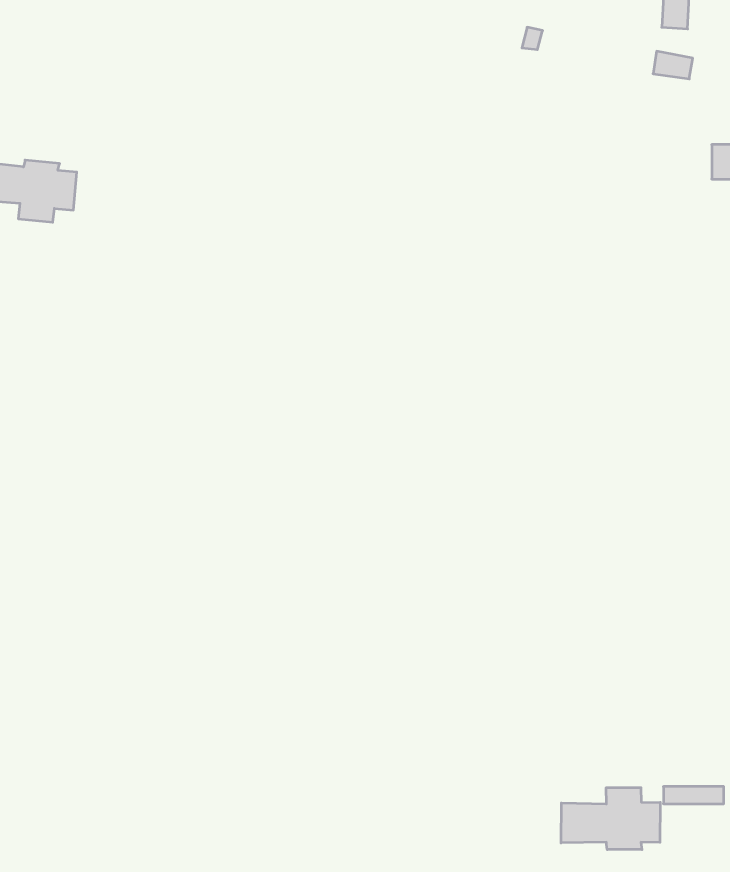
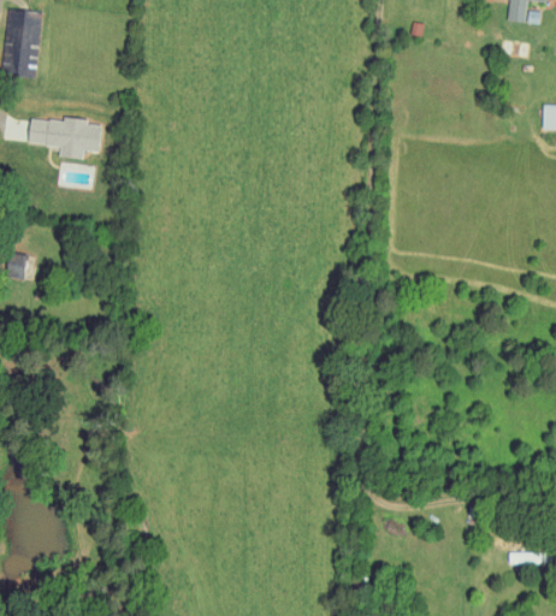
building: [561,788,660,850] -> none

